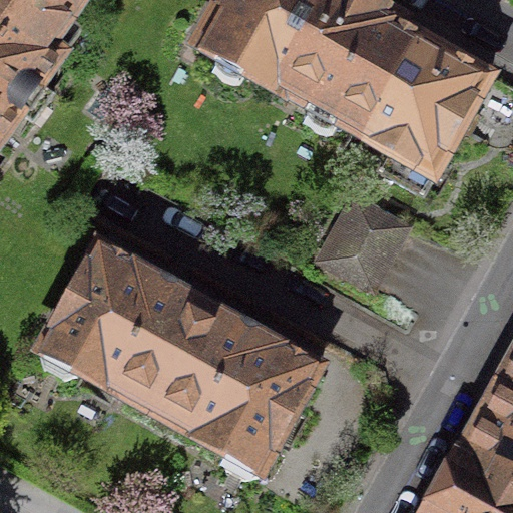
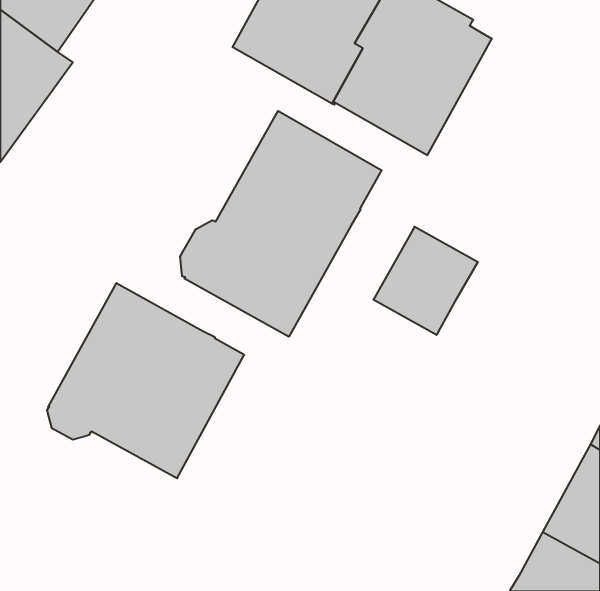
building: [365,33,490,191] -> none
building: none -> [180,111,381,337]
building: [151,303,320,475] -> none

